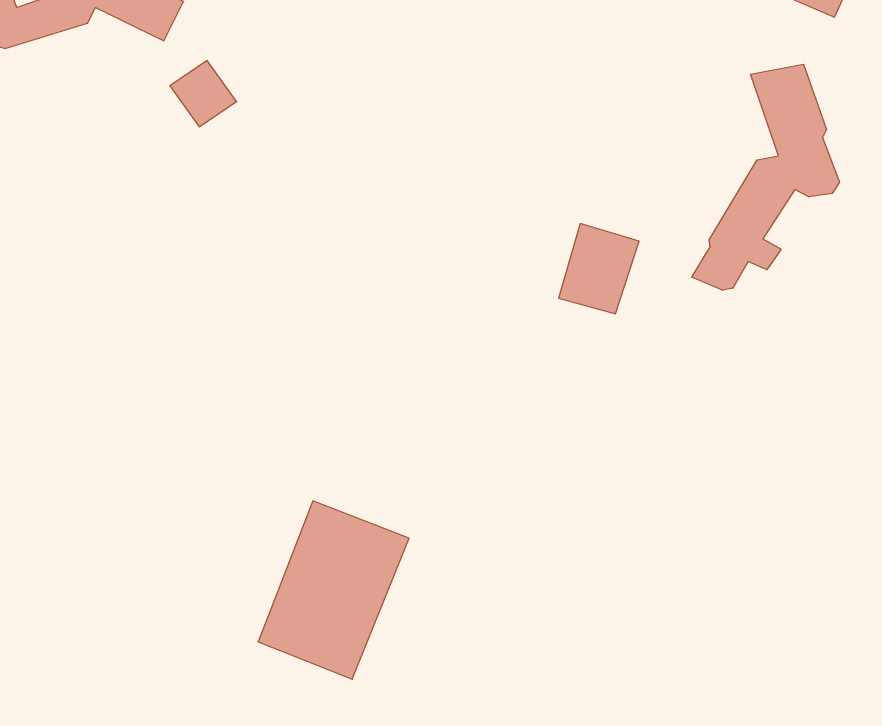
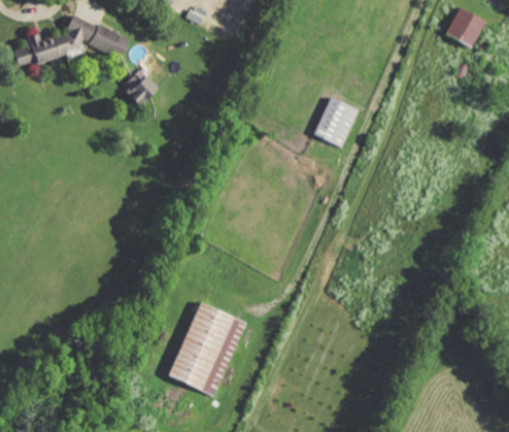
building: [692,64,839,290] -> none
building: [559,224,639,314] -> [315,99,358,146]

